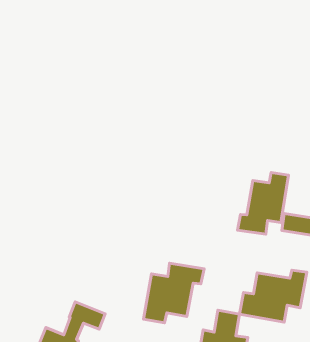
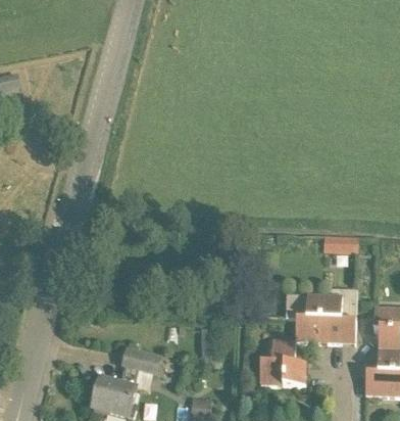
building: [238,172,288,234] -> none
building: [143,263,204,323] -> none

